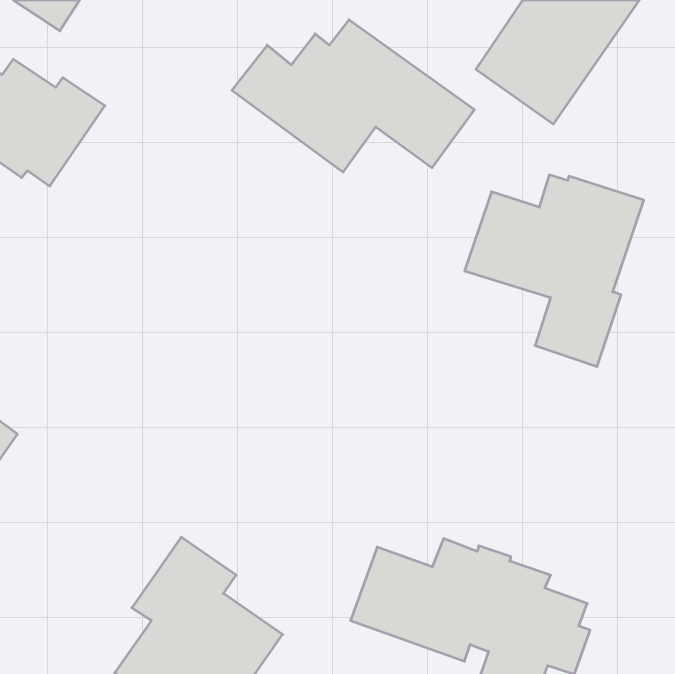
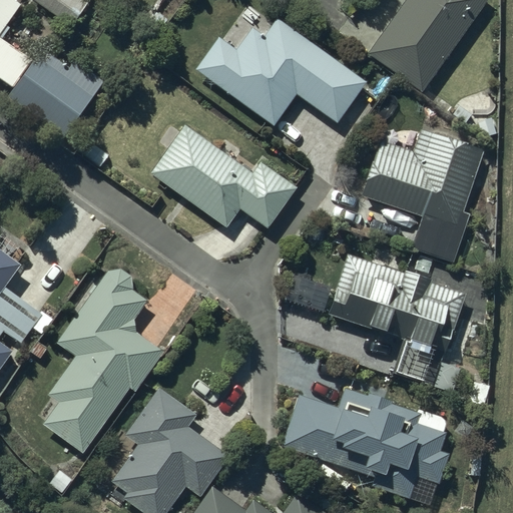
building: none -> [147,123,297,228]
building: none -> [325,253,465,393]
building: none -> [42,267,163,454]

